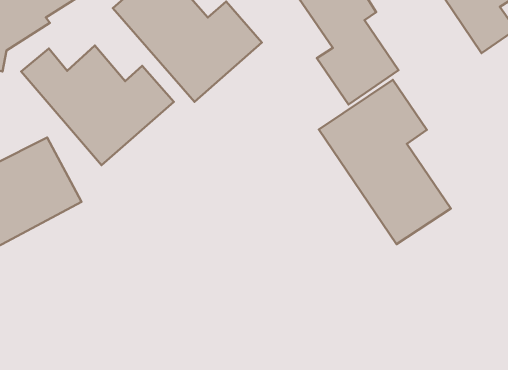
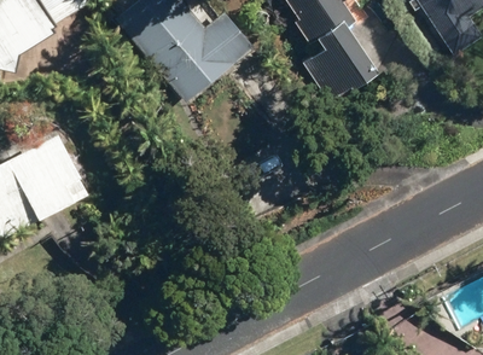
building: [21,46,174,165] -> none
building: [319,80,451,244] -> none

